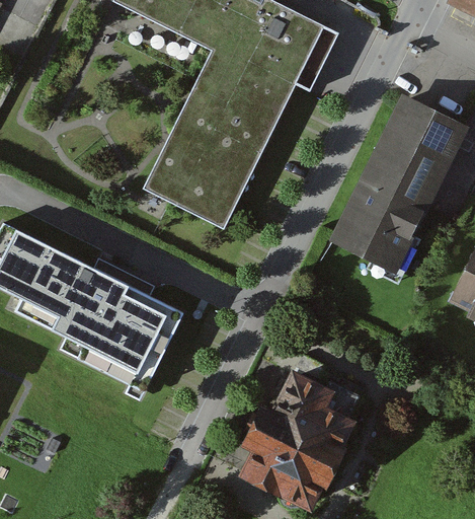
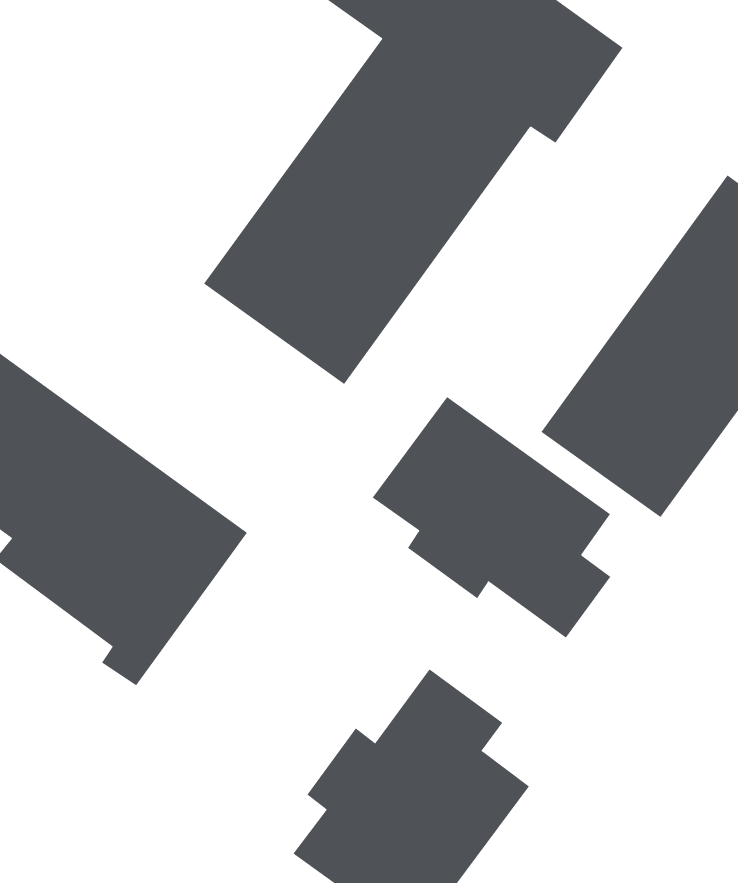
building: none -> [372,396,611,639]

